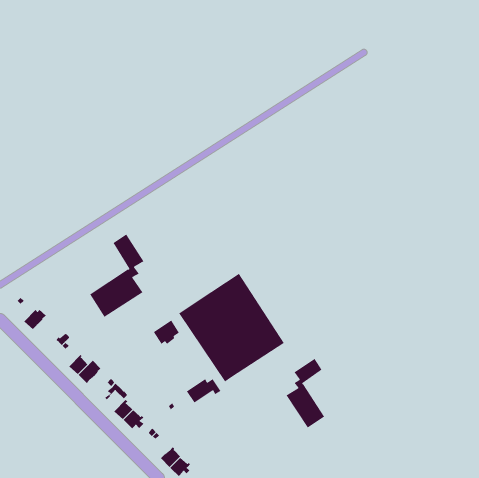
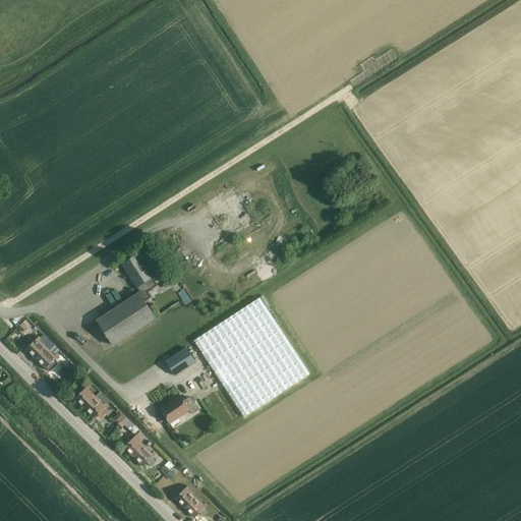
building: none -> [36,342,60,370]
building: [285,358,325,429] -> none
building: [186,378,221,403] -> [160,395,198,422]

